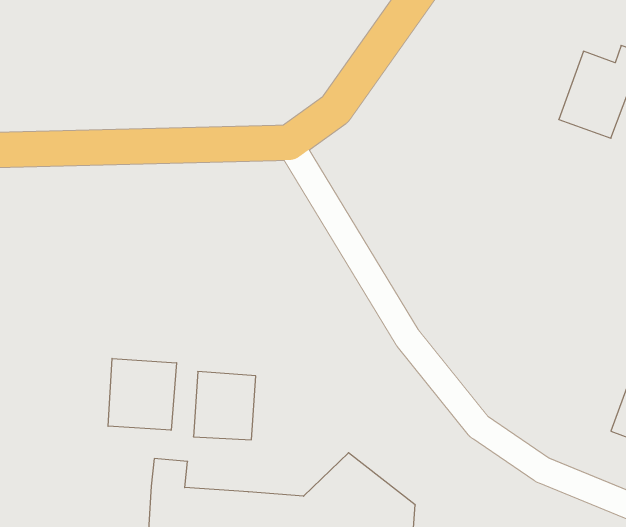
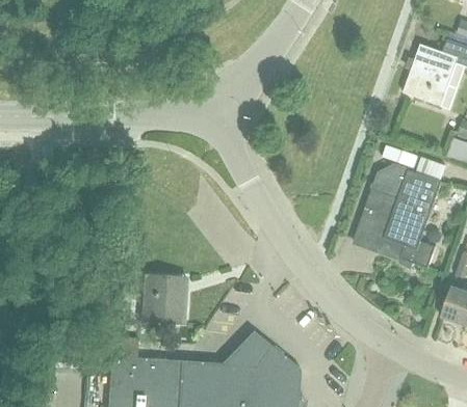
building: none -> [356,166,442,269]
building: [108,358,177,430] -> none

